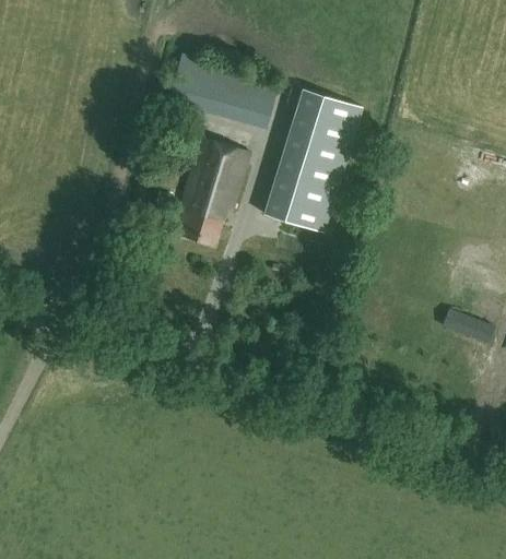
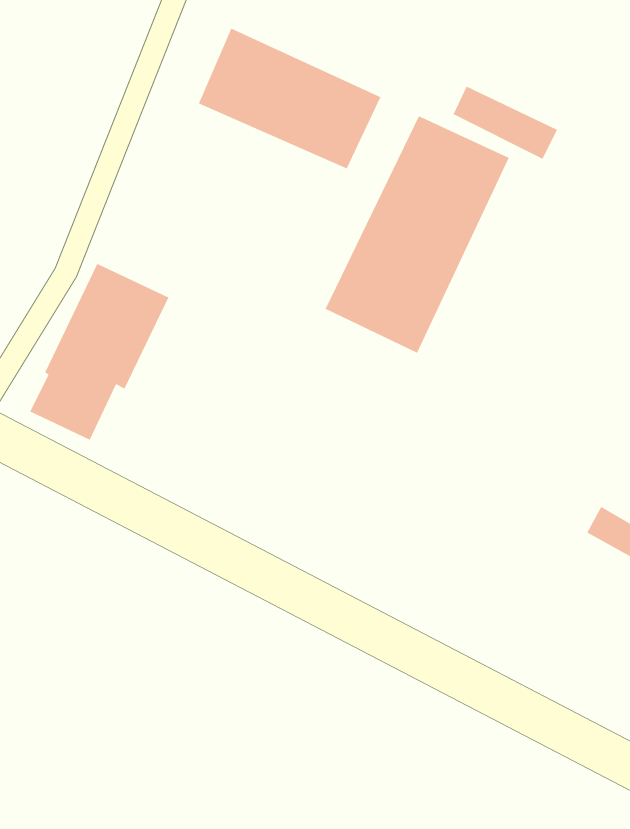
building: none -> [453,86,558,160]
building: [175,139,249,247] -> [29,263,169,441]

